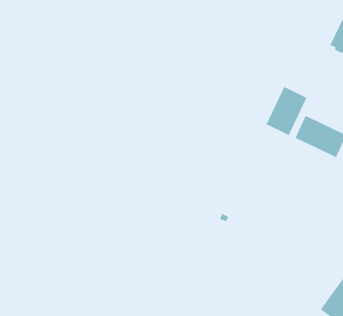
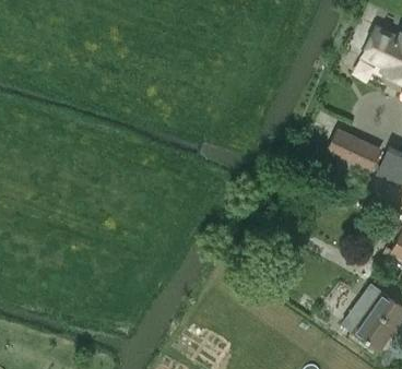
building: [266,86,308,136] -> none

